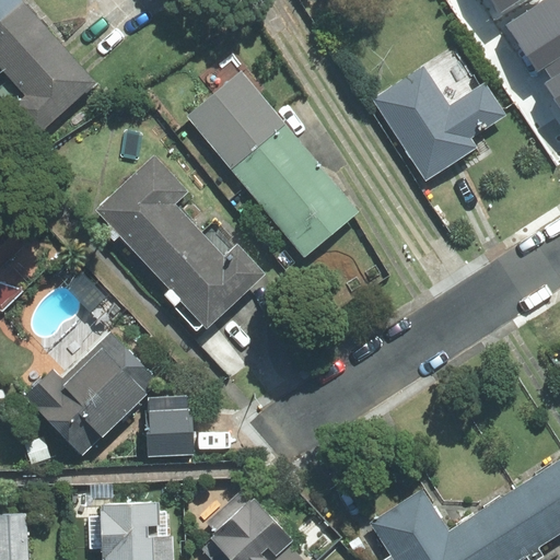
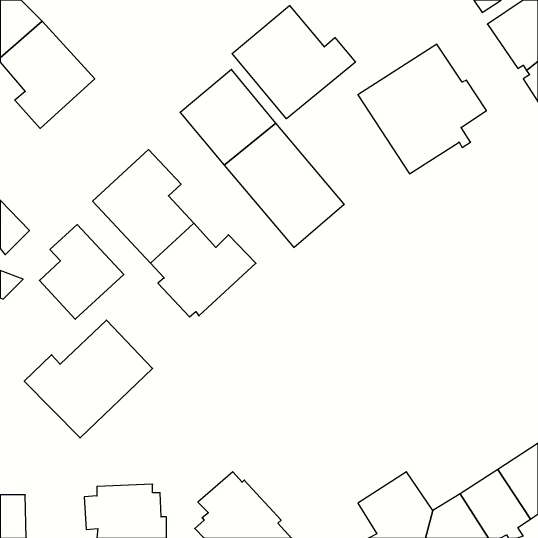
building: none -> [232,6,355,119]
building: none -> [39,225,124,319]
building: [145,397,195,457] -> none

